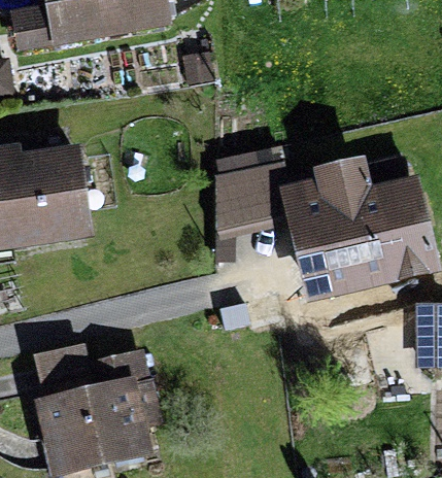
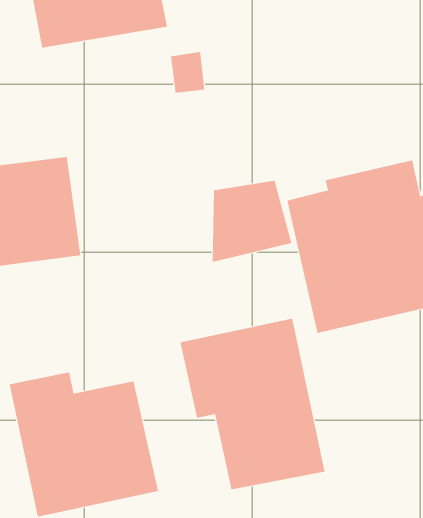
building: none -> [180,318,325,490]

